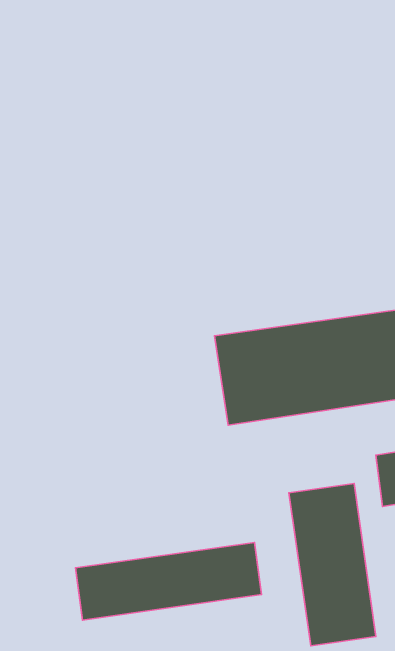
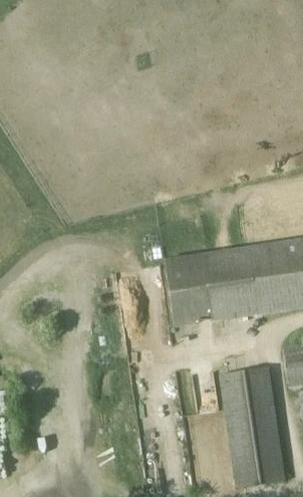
building: [75,542,262,620] -> none

